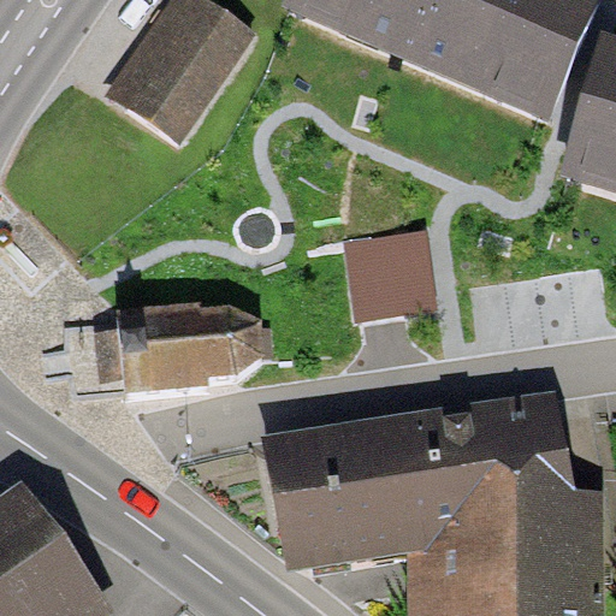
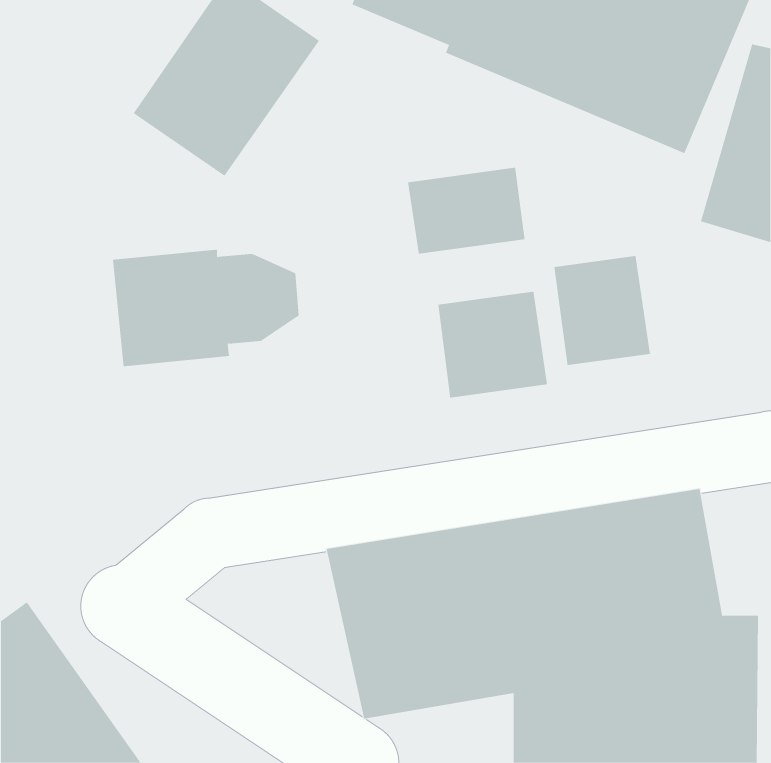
building: none -> [408,167,525,254]
building: none -> [554,255,650,366]
building: [117,301,266,395] -> [112,249,299,367]

